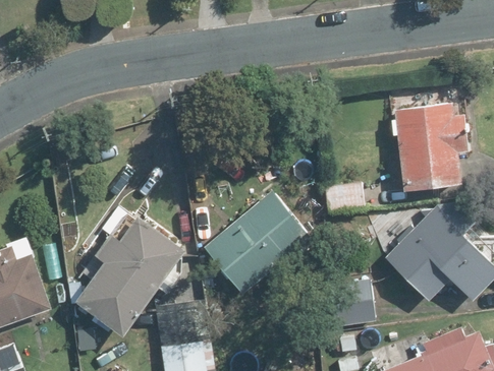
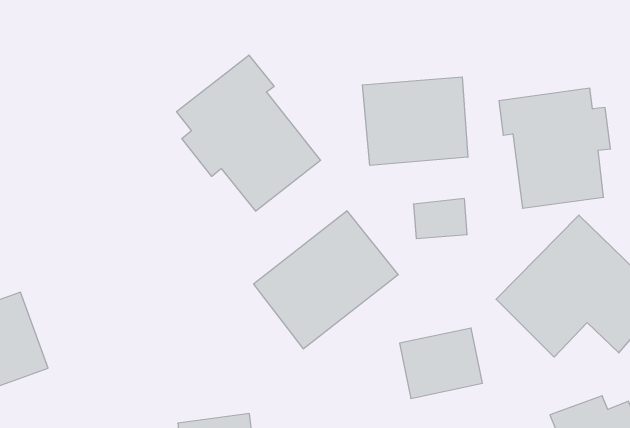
building: none -> [177,55,320,211]
building: none -> [362,77,468,165]
building: [77,214,186,334] -> none

